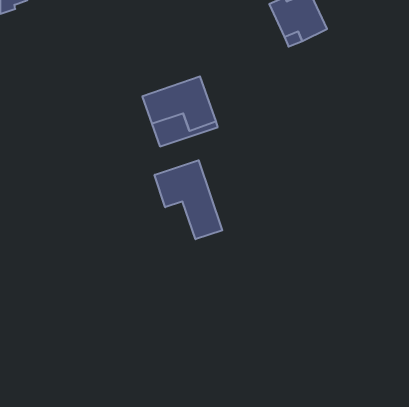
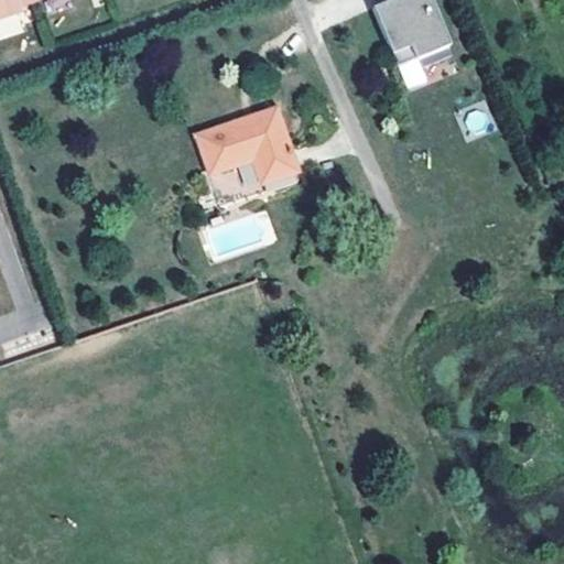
building: [155,160,222,239] -> none

